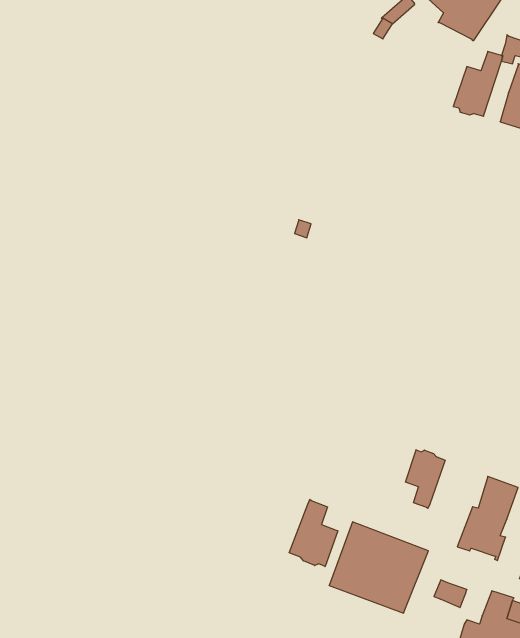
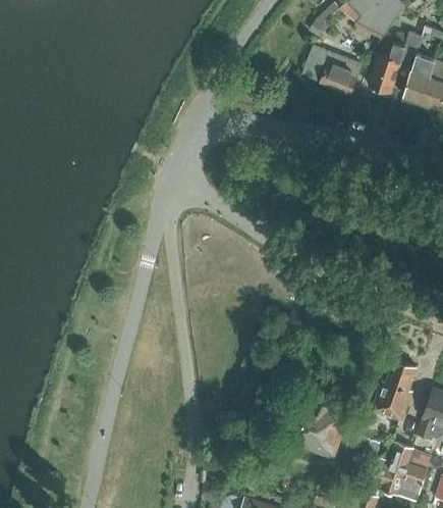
building: none -> [302,48,362,96]
building: [405,450,445,508] -> none
building: [289,499,338,567] -> none

